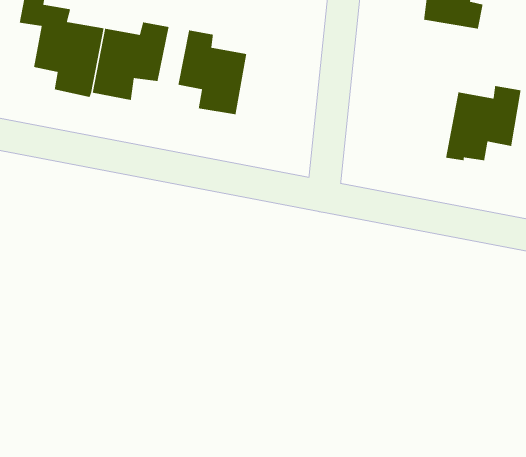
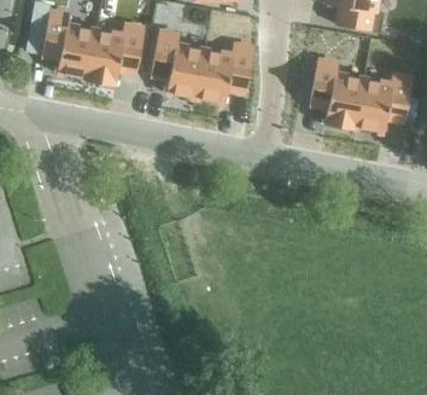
building: none -> [194,45,252,103]
building: none -> [305,48,363,129]

